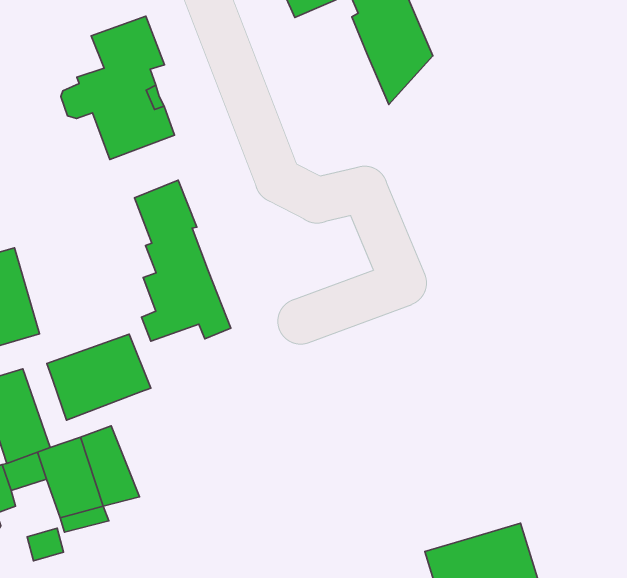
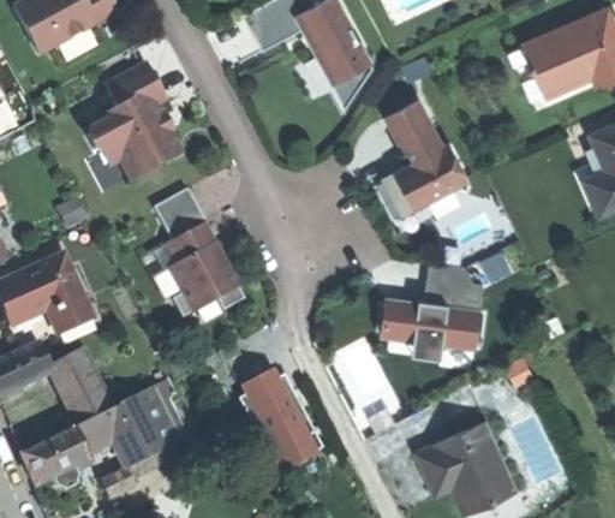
building: none -> [387,100,467,207]
building: none -> [376,261,480,349]
building: [47,334,151,420] -> none
building: none -> [240,371,320,459]

